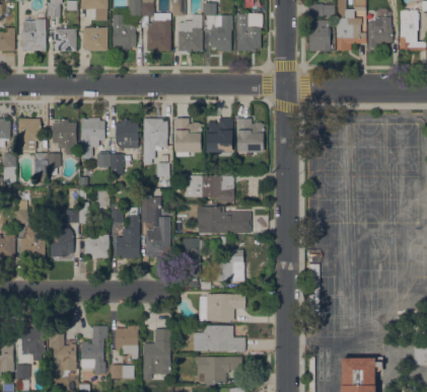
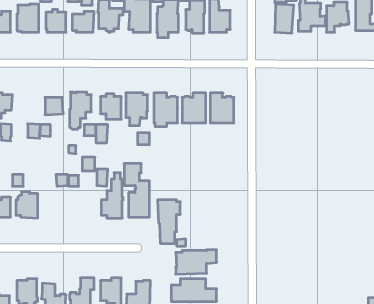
building: [18,119,40,149] -> none
building: [186,175,233,202] -> none
building: [200,207,251,233] -> none
building: [50,227,73,257] -> none
building: [84,235,109,258] -> none
building: [214,249,243,283] -> none

